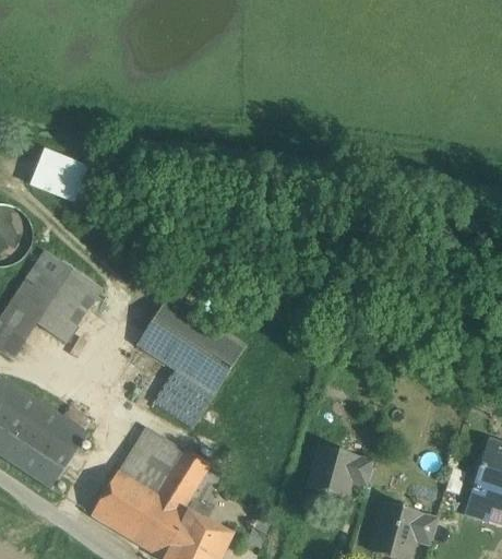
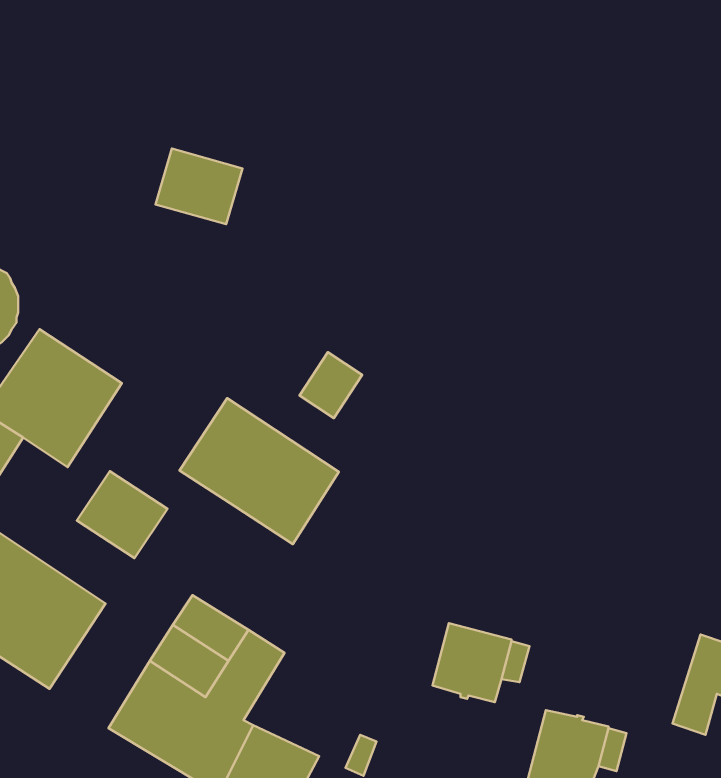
building: [29,148,87,199] -> [155,149,243,224]
building: none -> [300,352,362,418]
building: [154,368,214,426] -> [77,471,167,558]

